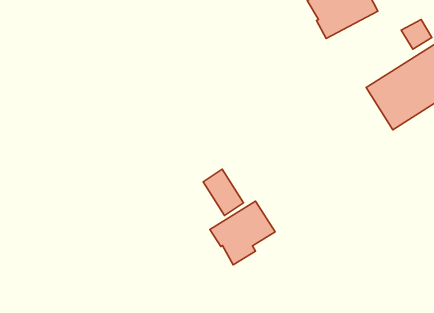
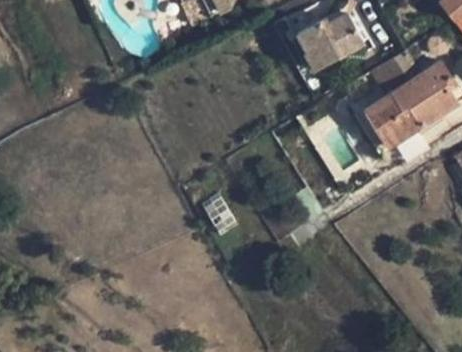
building: [210,201,275,265] -> none

